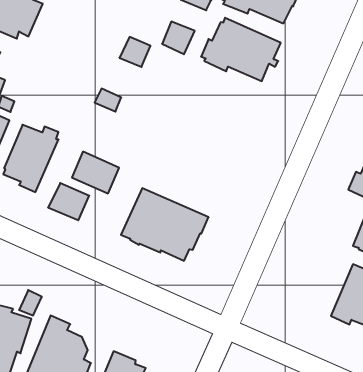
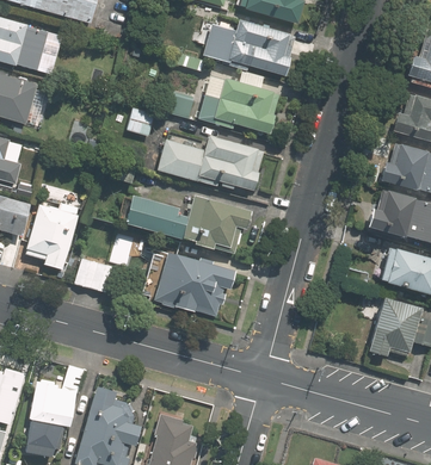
building: none -> [159,135,264,190]
building: none -> [123,194,250,253]

